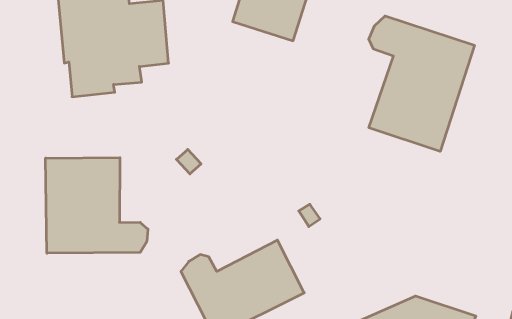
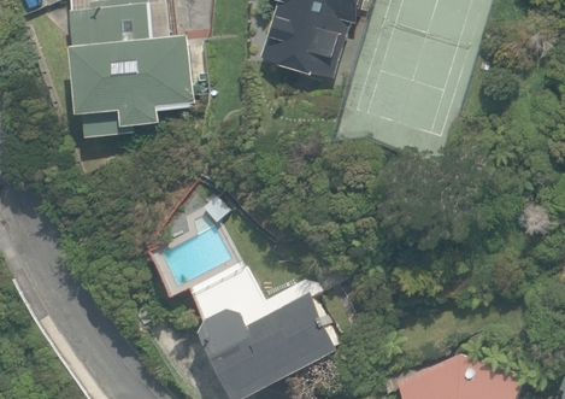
building: [369,16,474,151] -> none
building: [46,158,148,253] -> none

